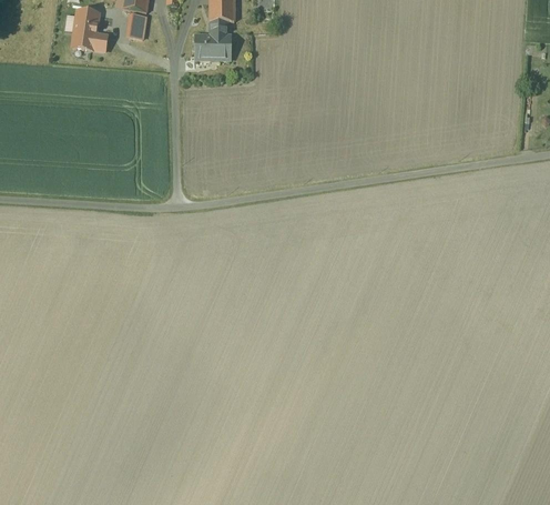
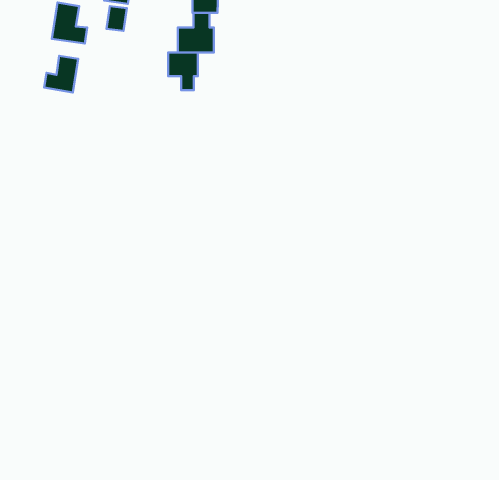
building: none -> [168,52,198,90]
building: none -> [44,56,78,92]

